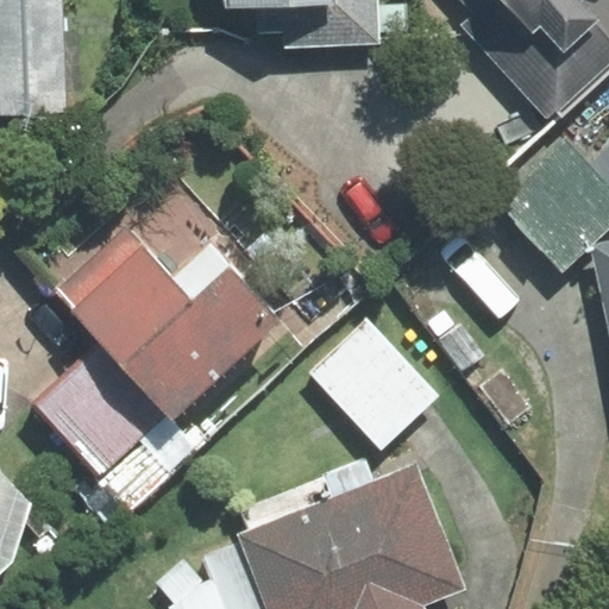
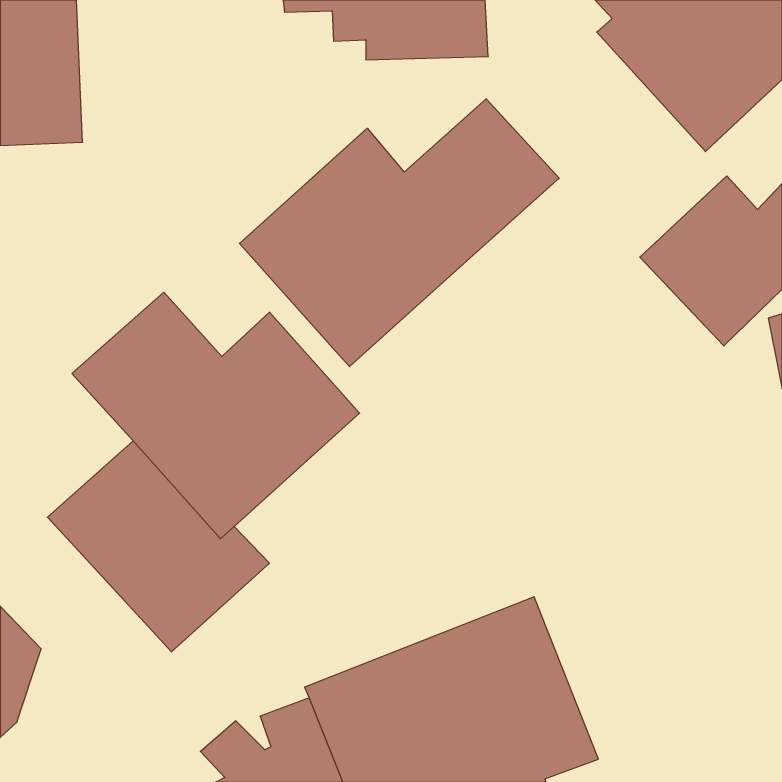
building: none -> [239,99,559,367]
building: [308,320,438,450] -> none

